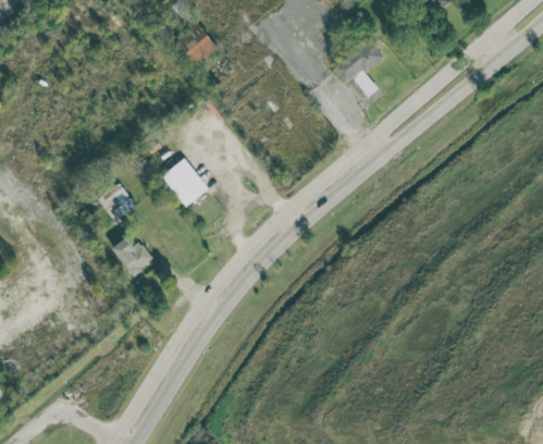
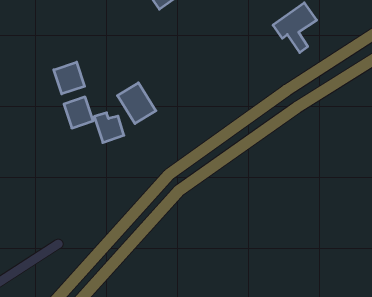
building: none -> [54,62,85,94]
building: [113,238,151,274] -> [94,113,124,143]

